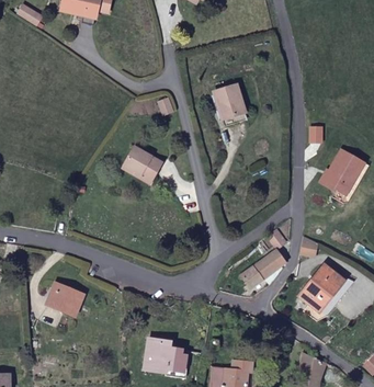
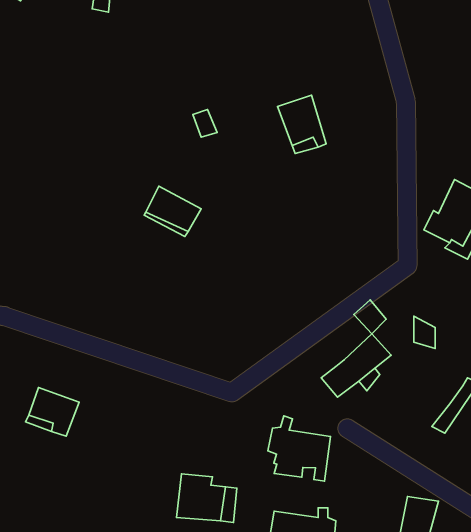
building: [298,268,339,309] -> none
building: none -> [268,416,330,481]

